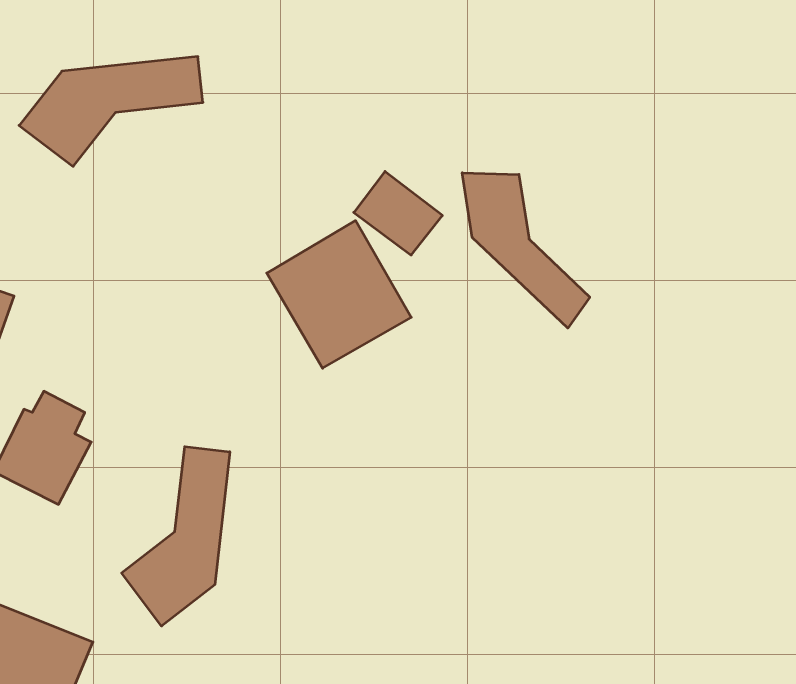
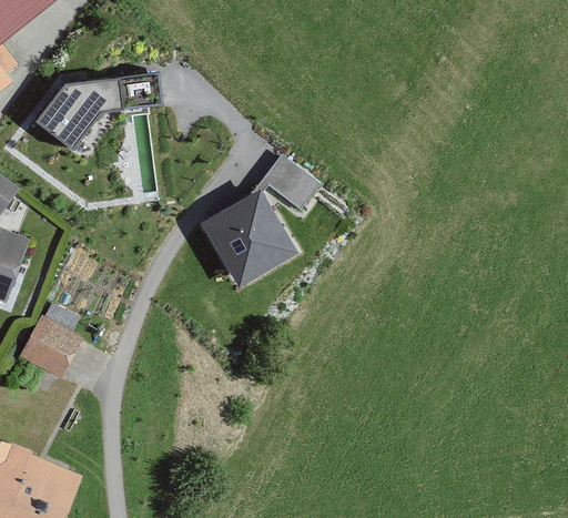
building: [462,173,590,328] -> none
building: [122,447,230,626] -> none

